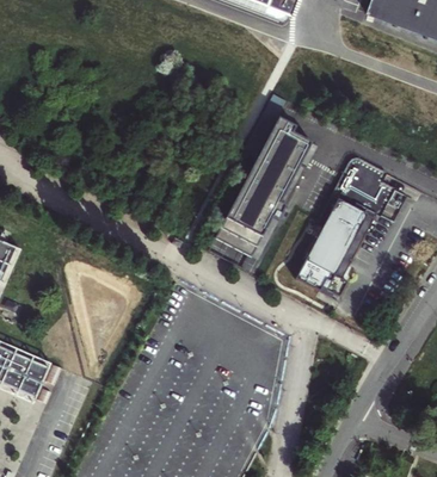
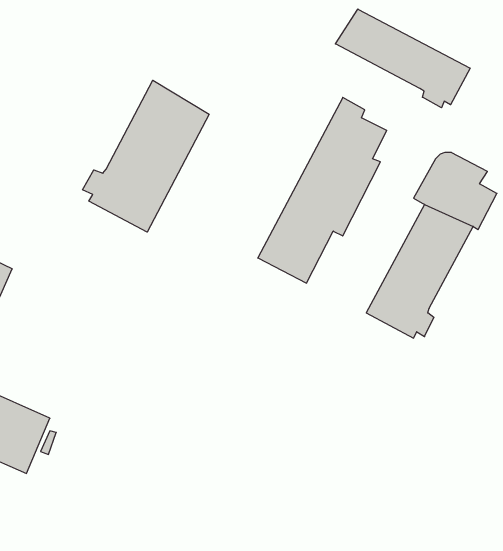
building: none -> [335,9,470,108]
building: none -> [83,80,209,232]

